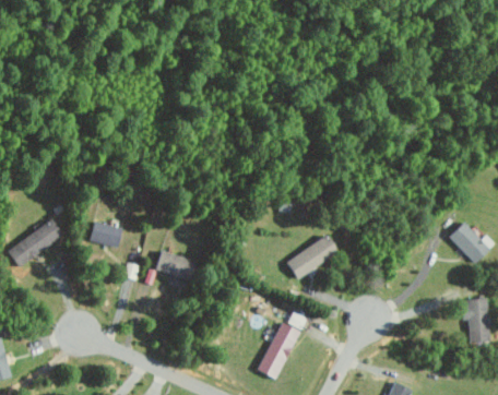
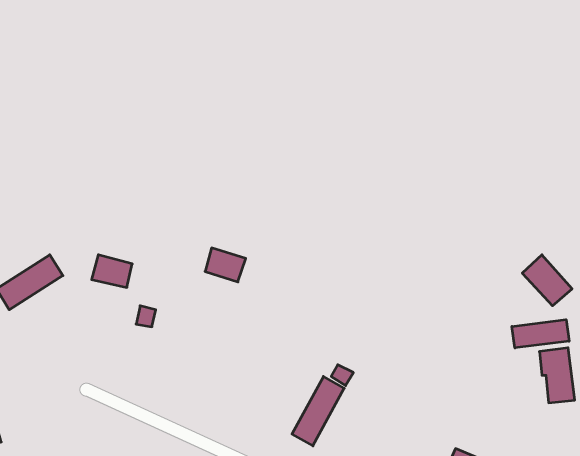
building: [285,236,336,279] -> none
building: [155,251,189,279] -> [205,248,246,282]
building: none -> [512,320,569,348]

